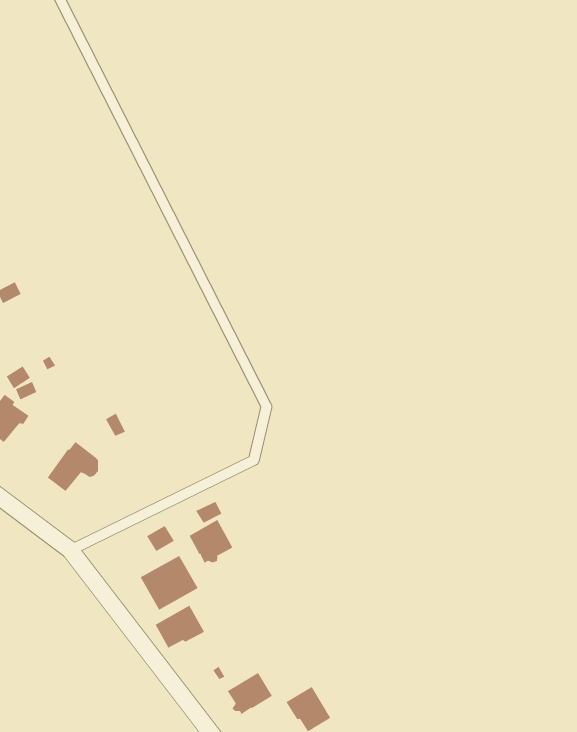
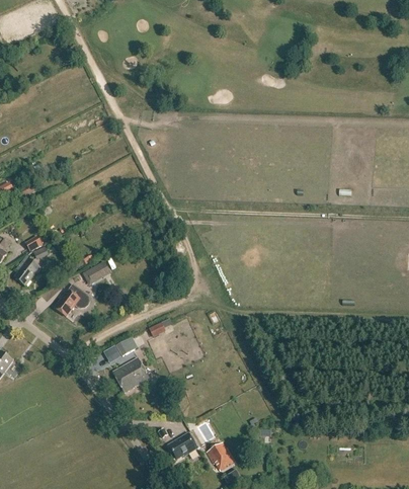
building: [189,519,233,564] -> none
building: [155,605,205,648] -> none

